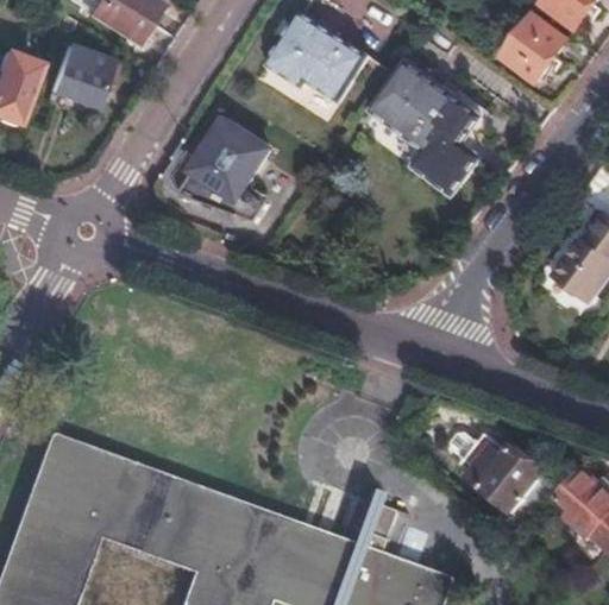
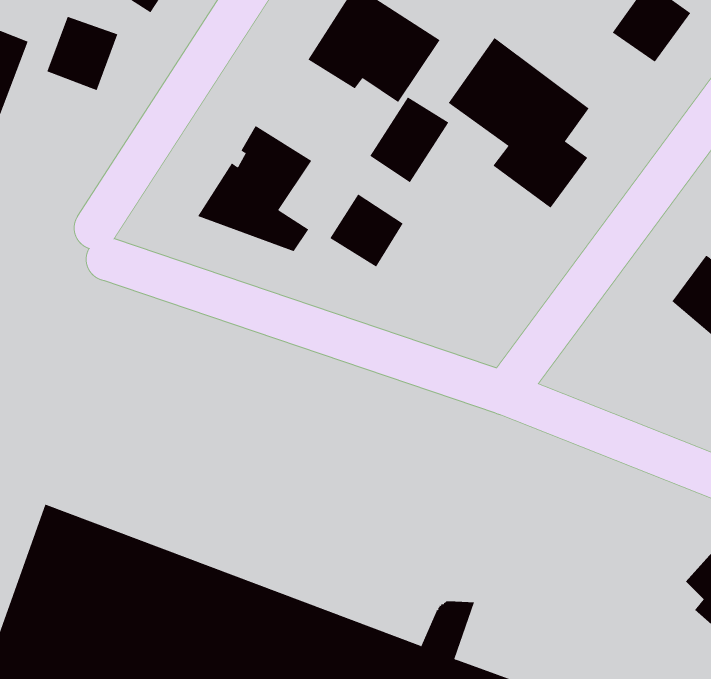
building: none -> [370,96,449,183]
building: none -> [330,194,404,267]
building: [470,434,547,512] -> none

